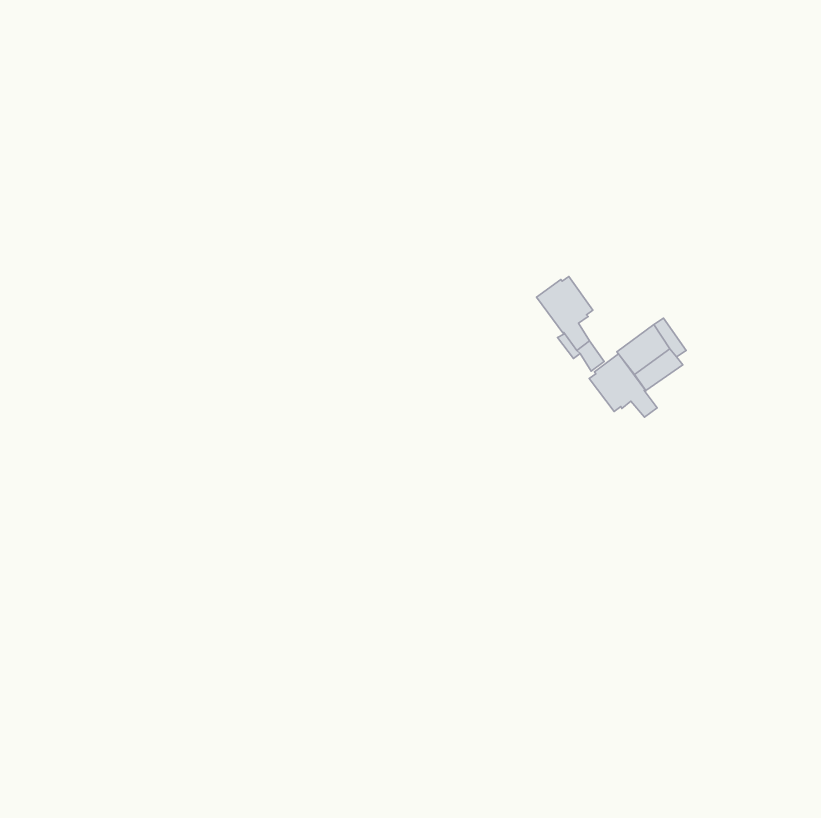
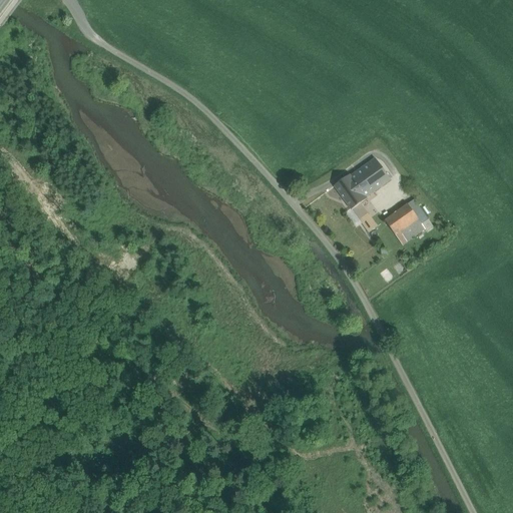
building: none -> [355,157,391,193]
building: [589,354,657,417] -> none

